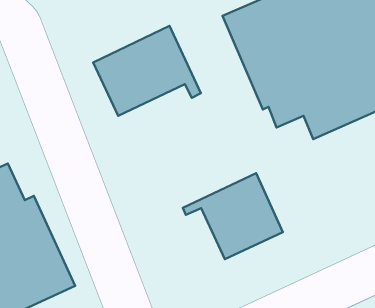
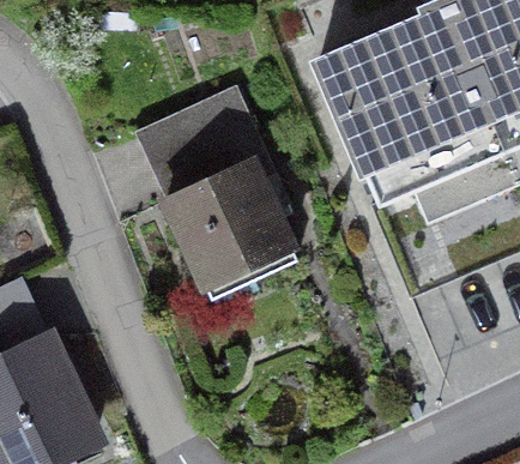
building: none -> [156,161,302,301]
building: [183,173,283,259] -> none

